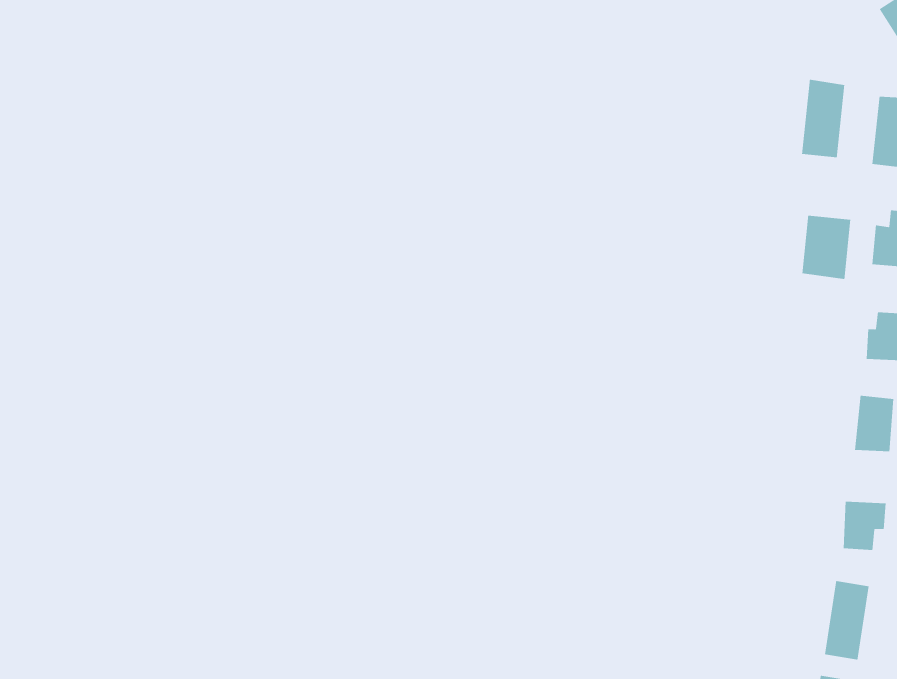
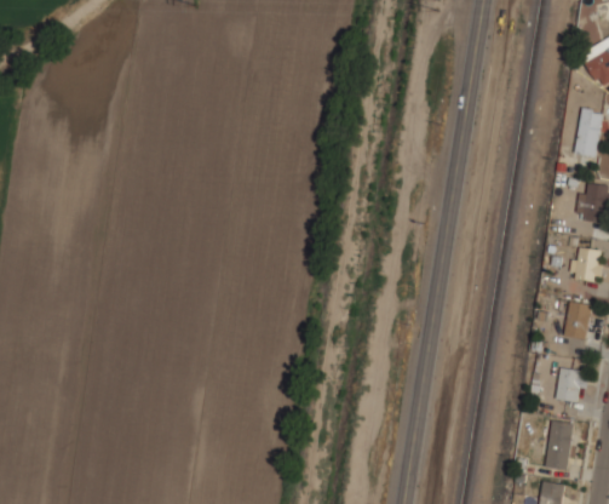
building: [801,79,845,158] -> none
building: [802,215,851,280] -> none

